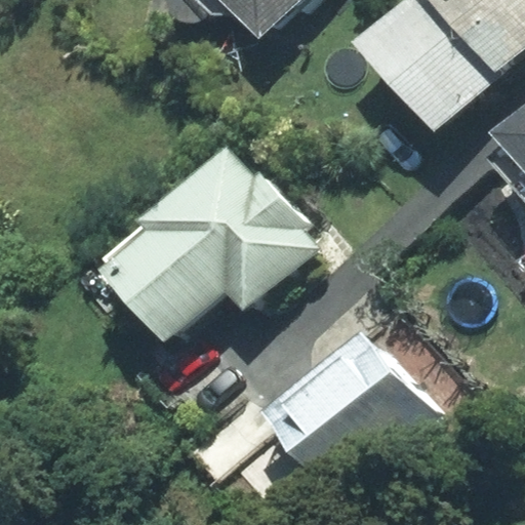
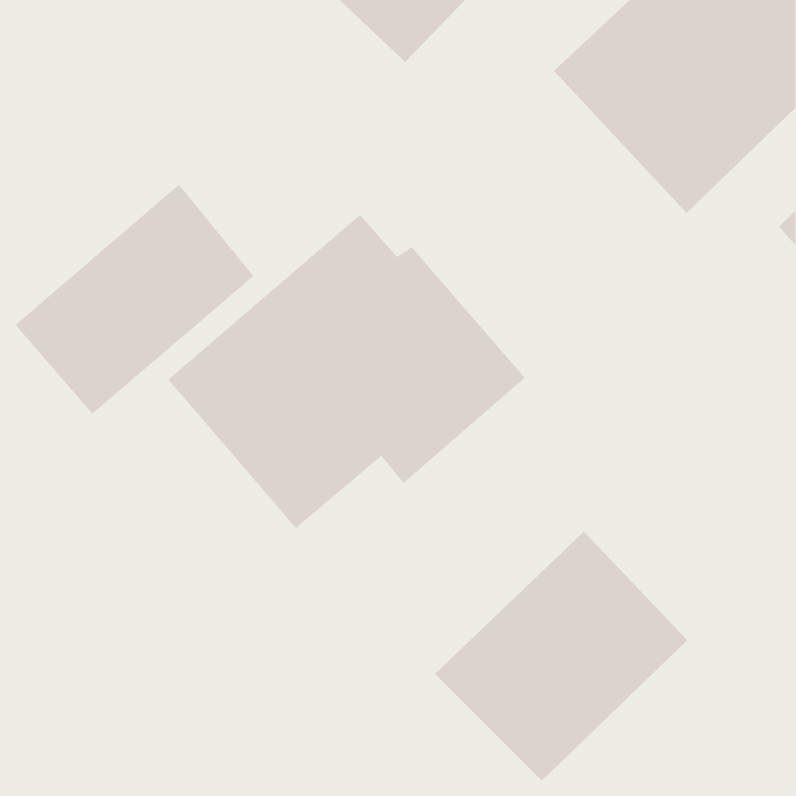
building: none -> [15,183,254,415]

